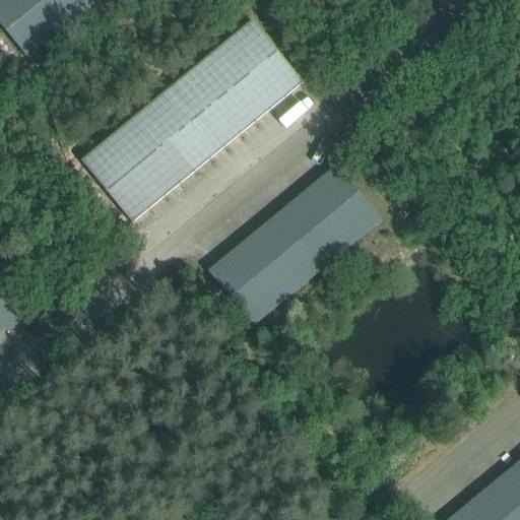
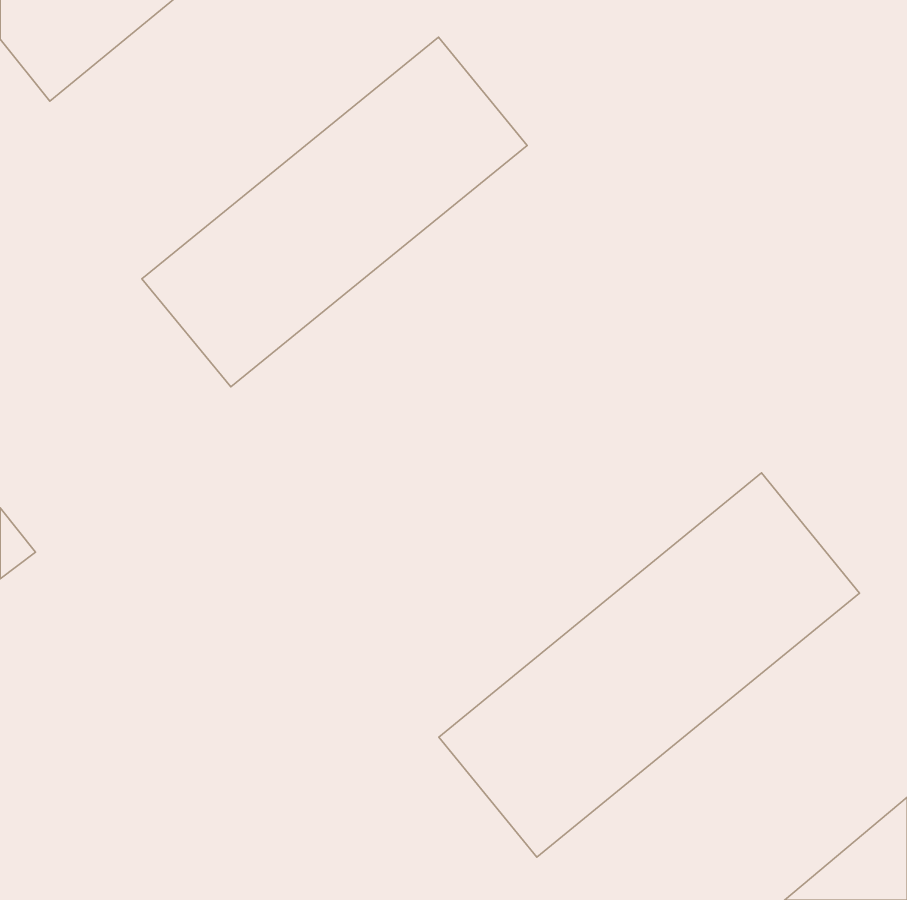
building: [207,165,382,325] -> none
building: none -> [439,473,859,857]

